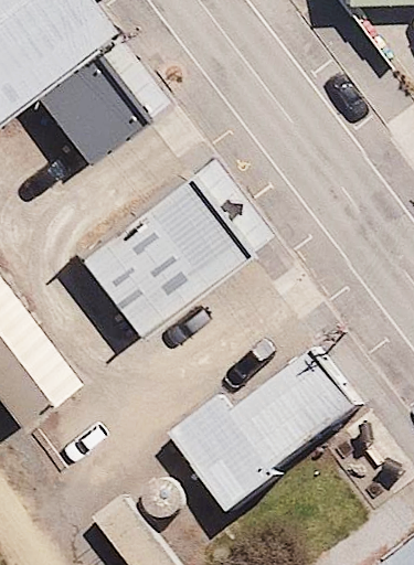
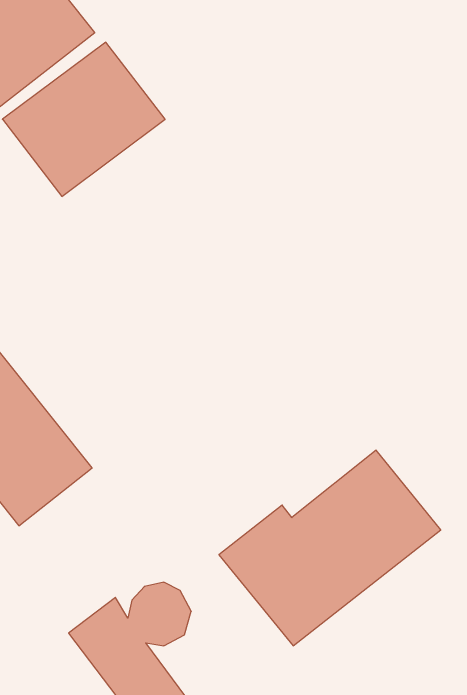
building: [83,179,250,341] -> none

